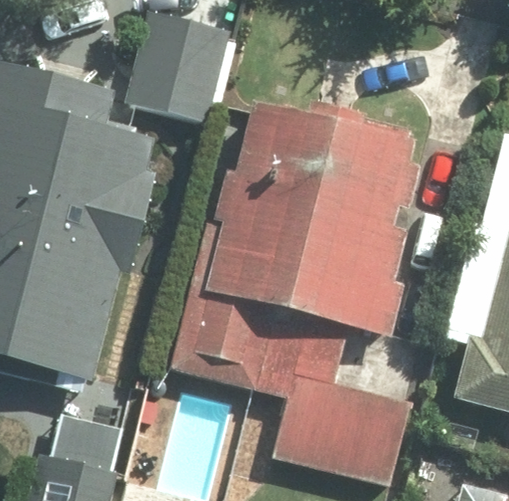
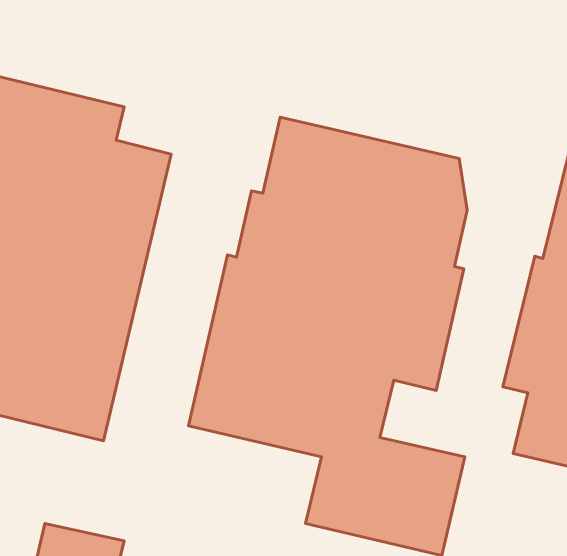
building: [124,10,228,118] -> none

